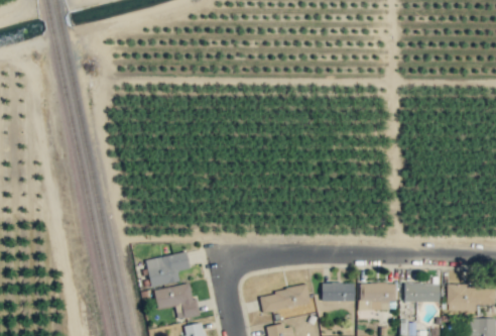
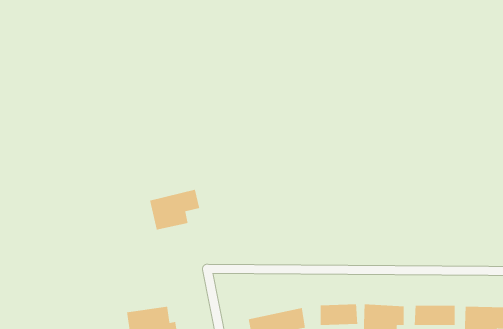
building: [146,251,191,288] -> [149,189,200,230]

